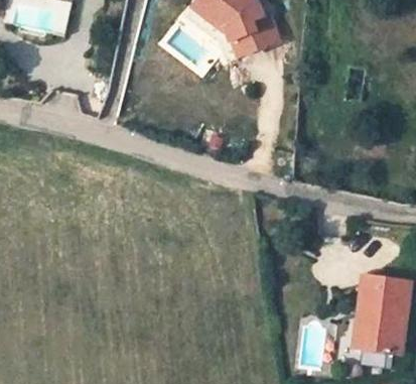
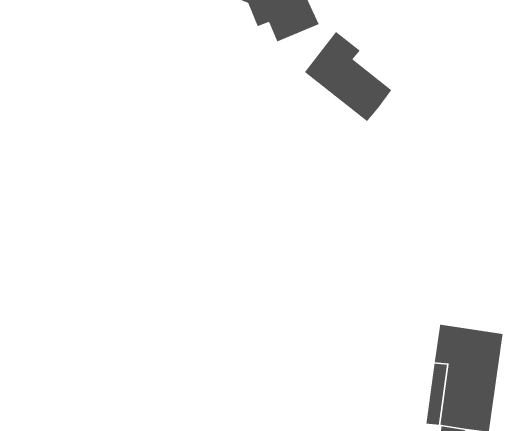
building: none -> [304,31,392,122]

